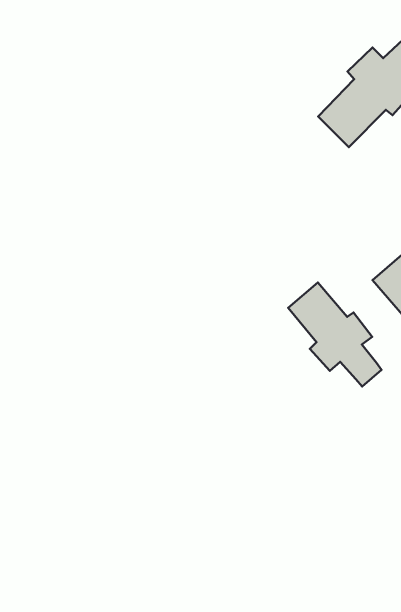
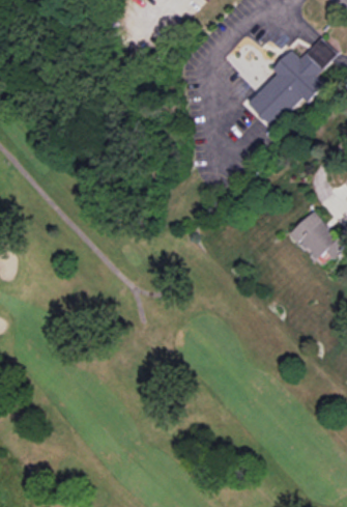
building: [288,283,382,386] -> none

